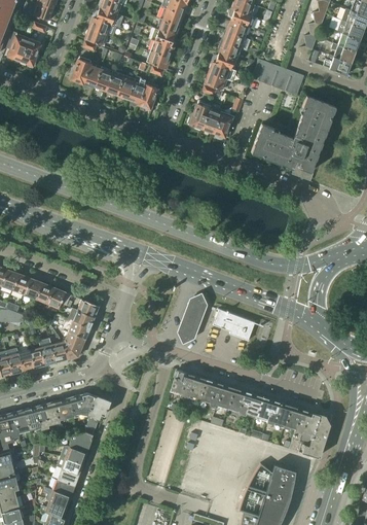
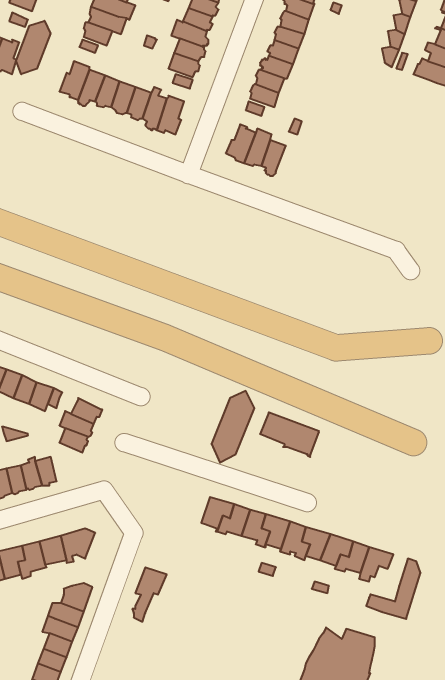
building: none -> [16,21,50,74]
building: [252,60,304,96] -> none
building: [251,97,335,173] -> none
building: [63,331,85,359] -> none
building: [85,396,110,435] -> [132,567,167,622]
building: [292,412,319,446] -> none

